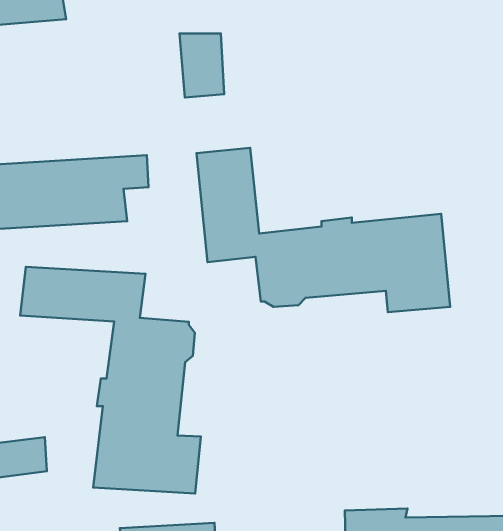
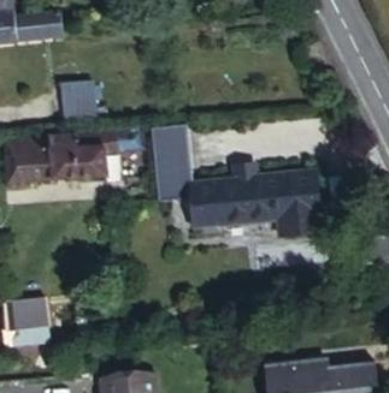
building: [180,33,224,98] -> [67,79,98,123]
building: [20,267,201,493] -> none

